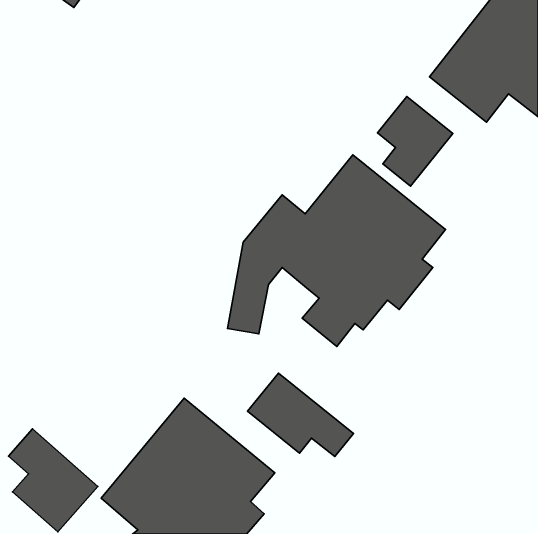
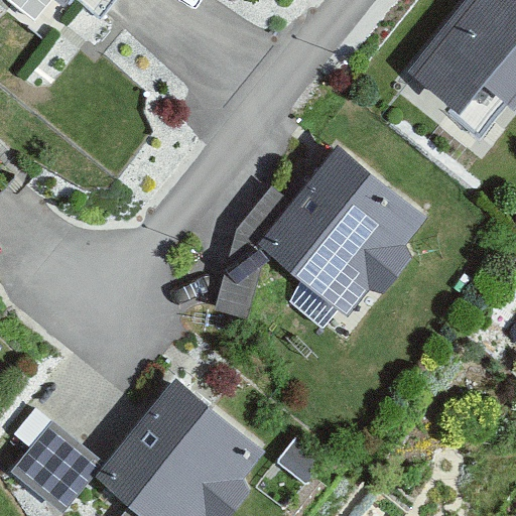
building: [377,96,453,186] -> none
building: [248,373,353,457] -> none

